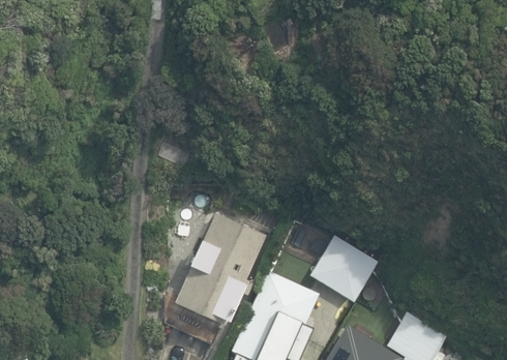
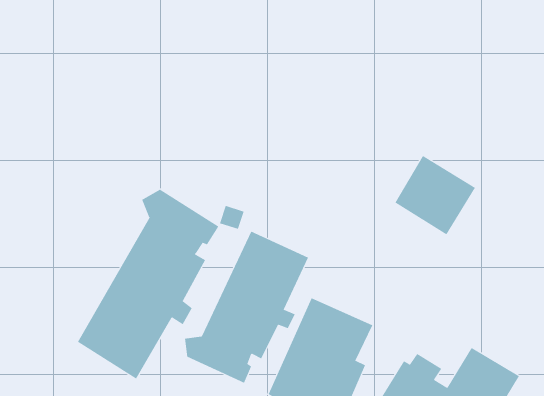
building: none -> [77,189,219,379]
building: [309,235,379,303] -> [395,155,476,235]

